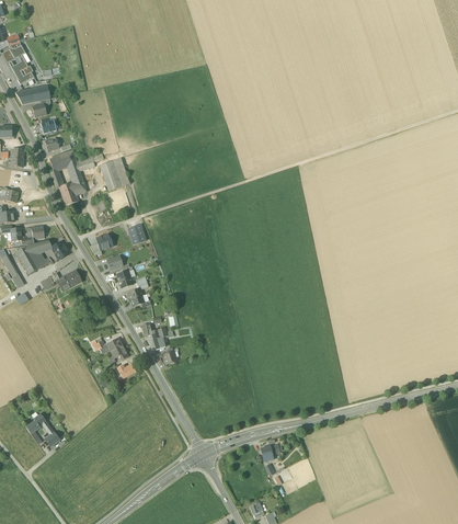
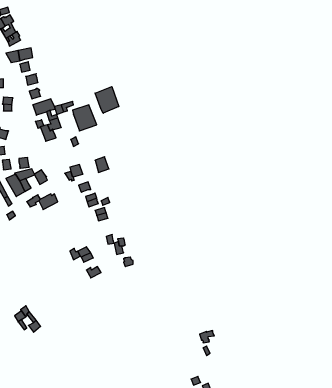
building: none -> [95,87,119,113]

